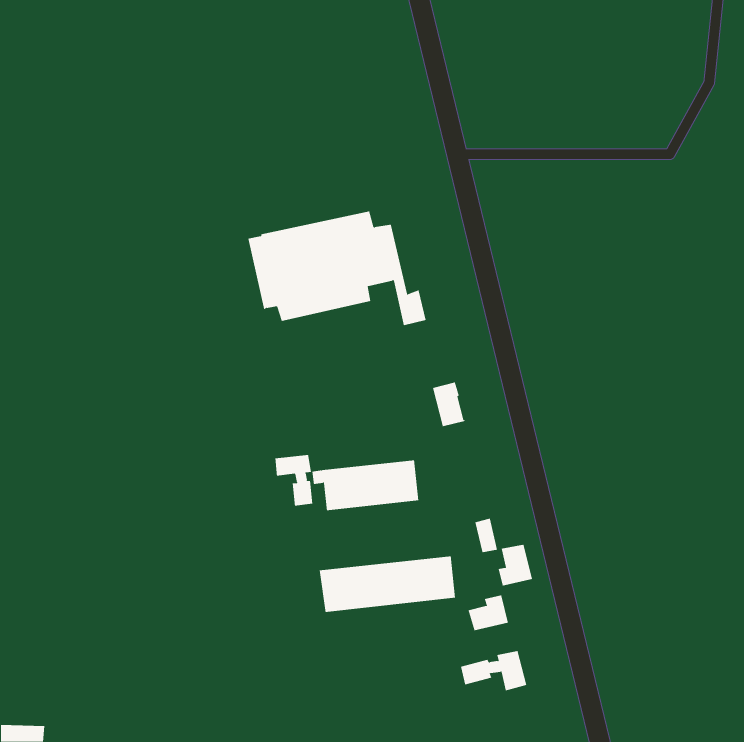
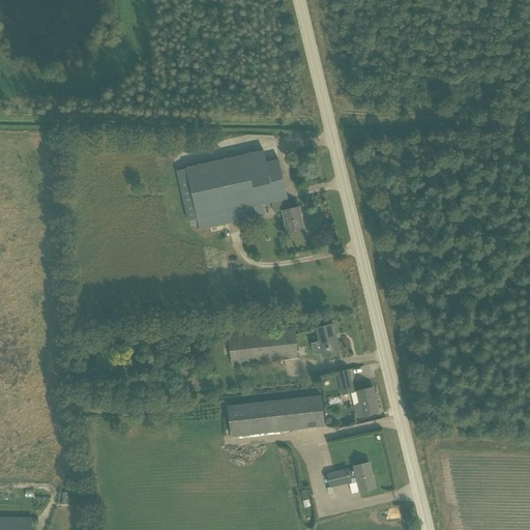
building: [432,382,466,427] -> [316,324,340,356]
building: [275,454,313,507] -> none
building: [468,594,509,631] -> none

